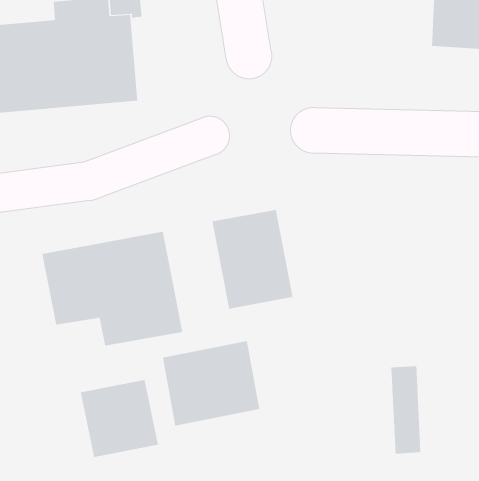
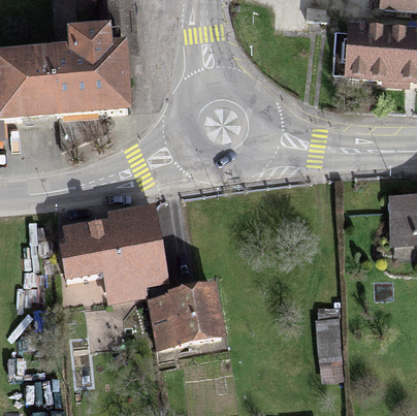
building: [212,209,293,309] -> none
building: [80,379,159,458] -> none

